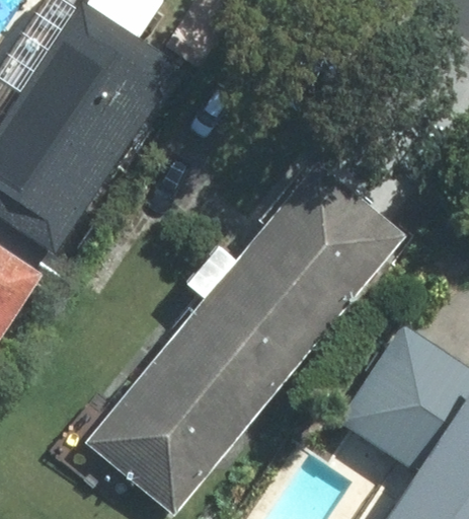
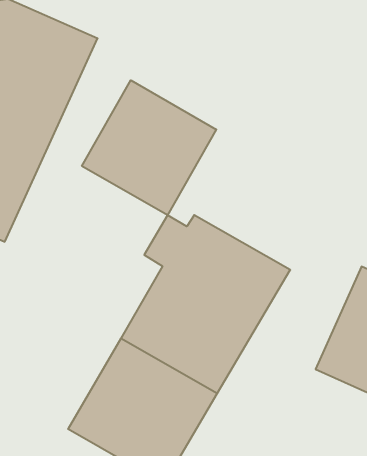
building: none -> [82,80,216,215]
building: [246,163,404,321] -> none

